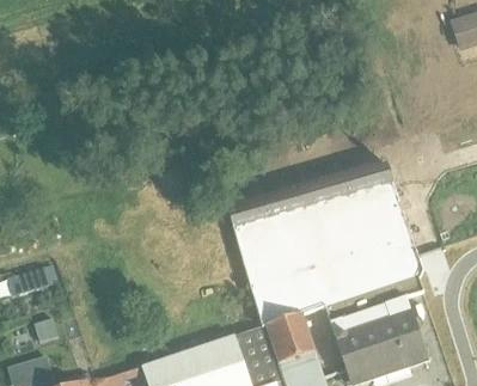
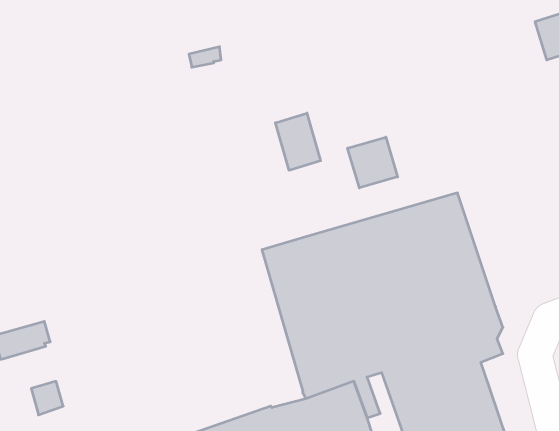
building: none -> [275,113,321,170]
building: none -> [348,137,398,188]

